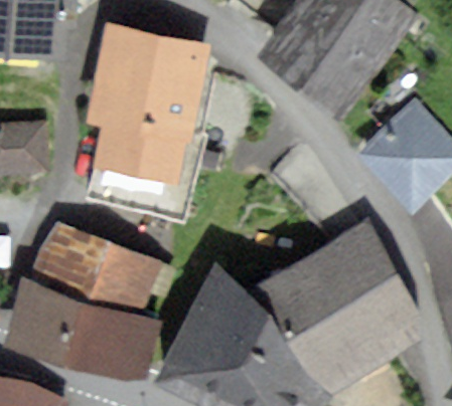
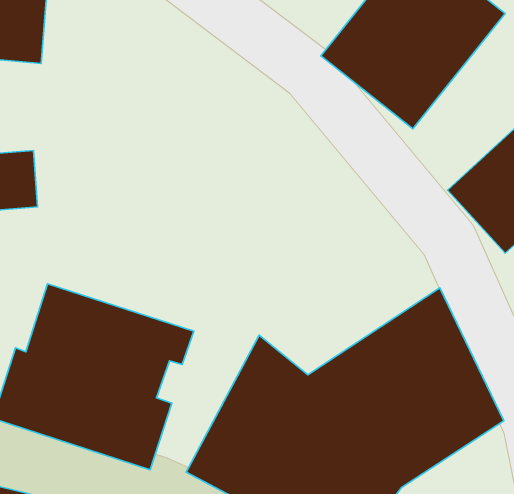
building: [89,26,202,182] -> none

